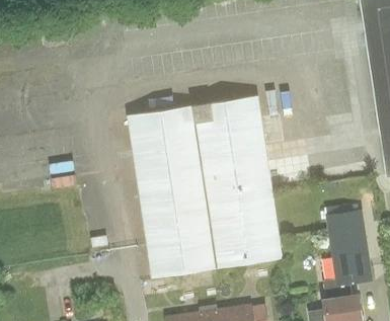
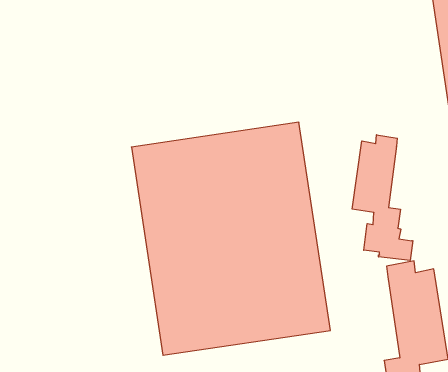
building: none -> [352,135,413,260]

